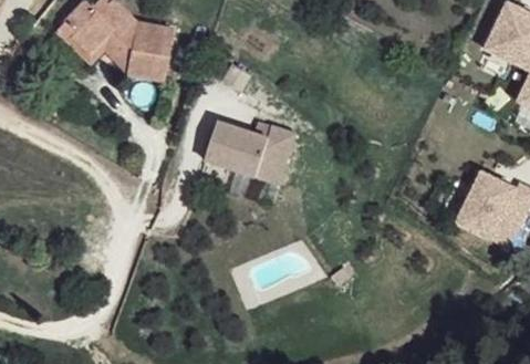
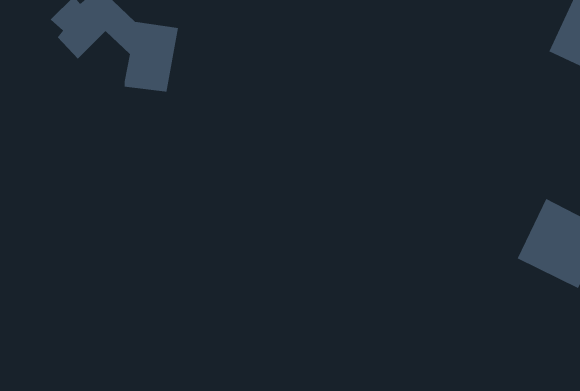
building: [54,20,131,72] -> none
building: [205,121,295,184] -> none

